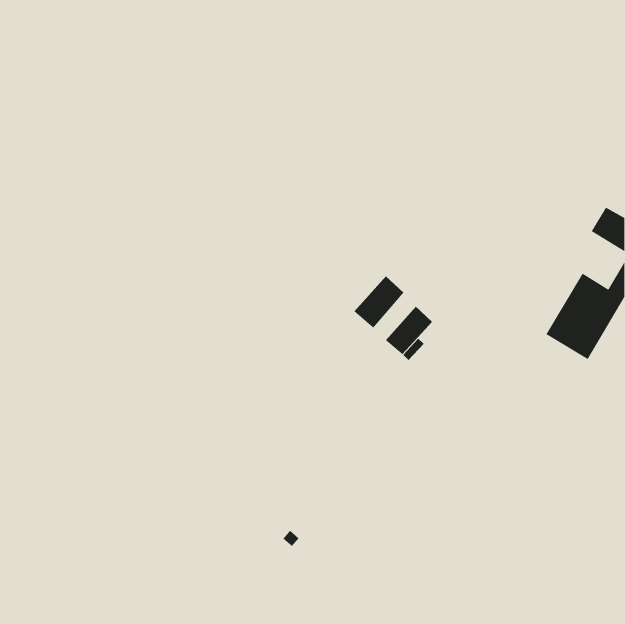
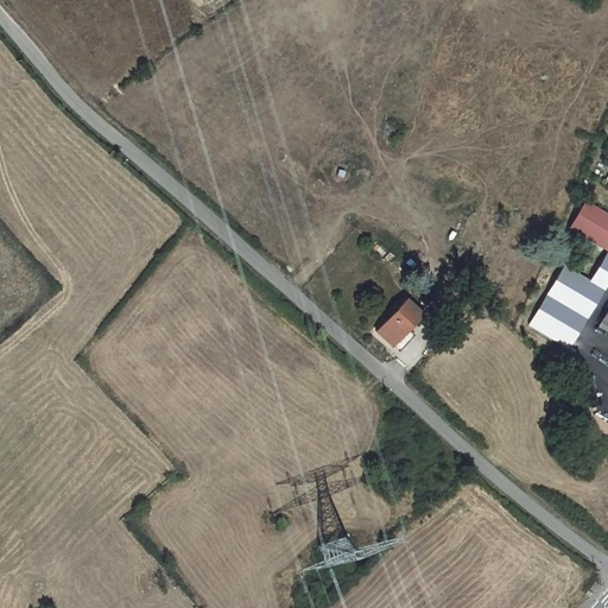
building: [354,275,404,328] -> none

